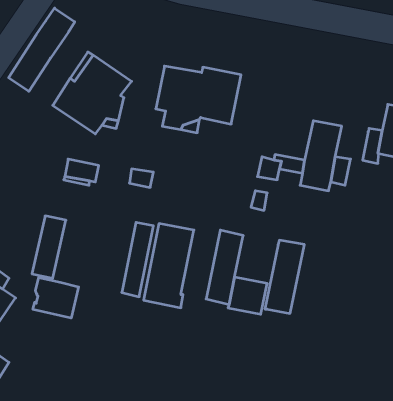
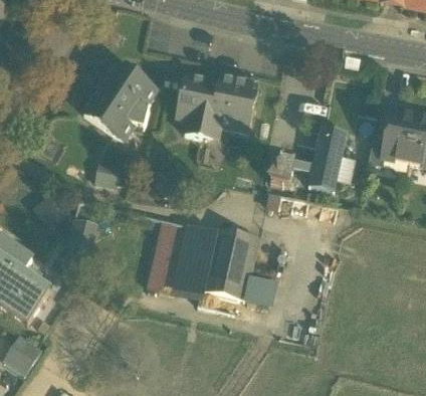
building: [9,8,75,91] -> none
building: [265,240,304,313] -> [201,222,237,289]
building: [33,277,79,318] -> none

